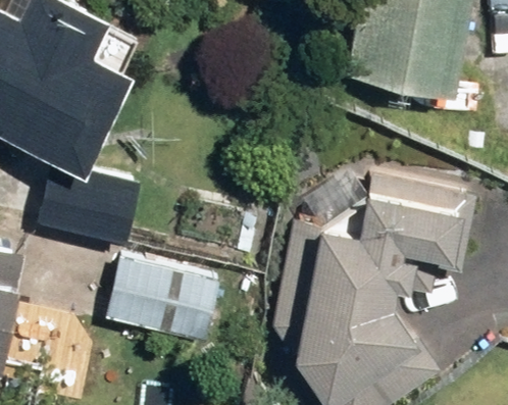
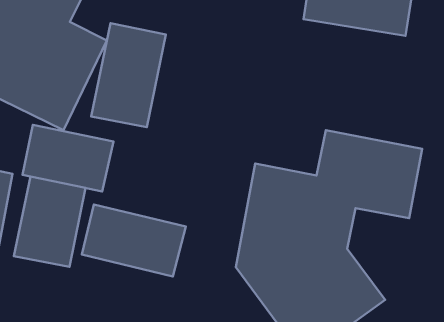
building: none -> [91,23,166,127]
building: none -> [14,176,86,267]

